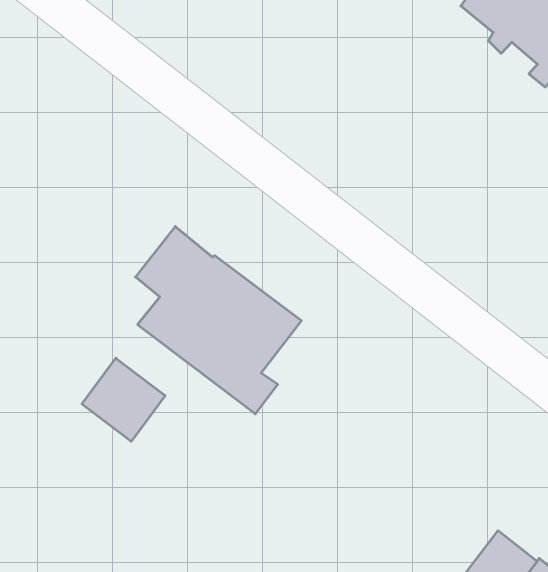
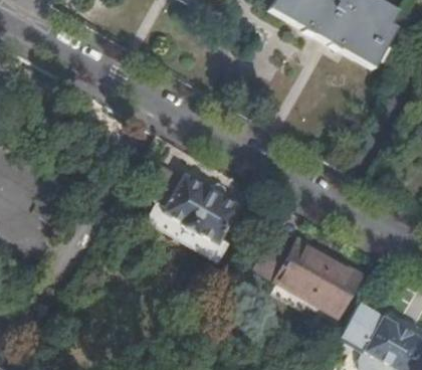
building: [82,358,165,441] -> none
building: none -> [254,239,359,317]

